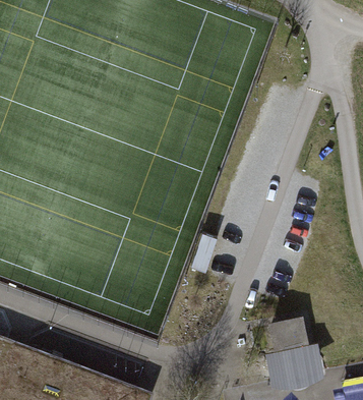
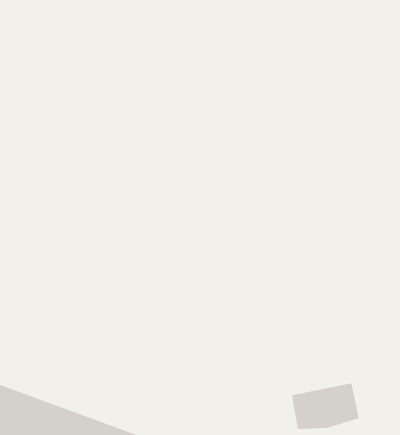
building: [269,322,305,353] -> none

